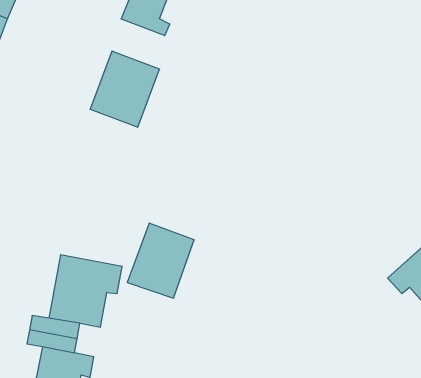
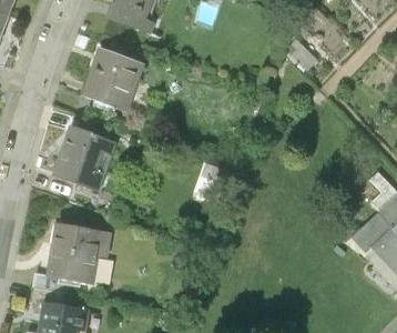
building: [127,223,194,298] -> [55,124,113,189]

